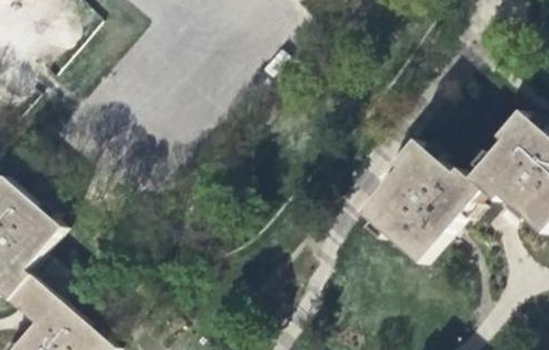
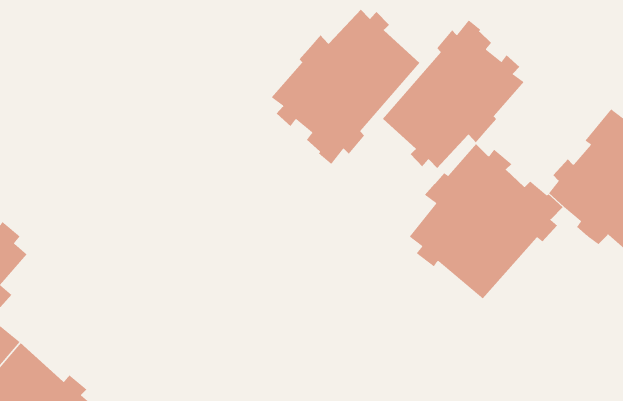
building: none -> [271,9,420,165]
building: none -> [382,20,525,169]

